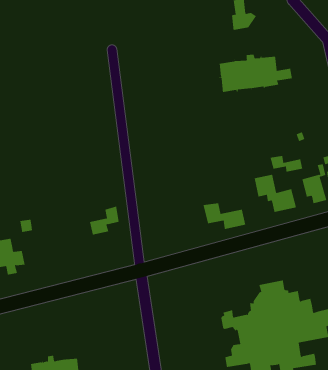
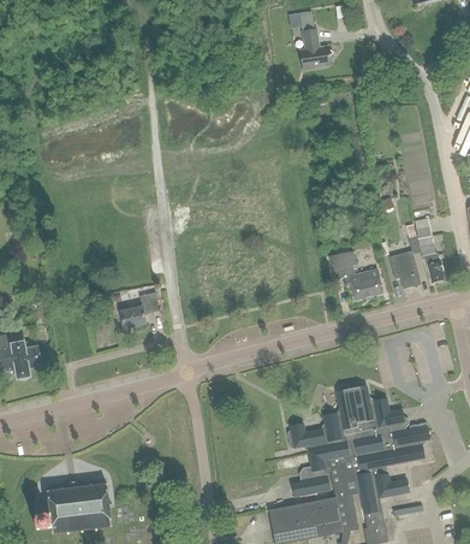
building: [218,54,292,93] -> none
building: [270,155,303,173] -> none
building: [203,203,246,230] -> none

